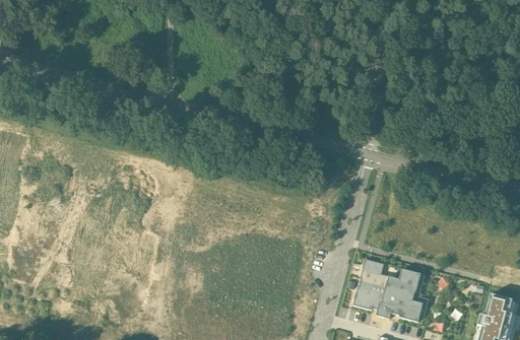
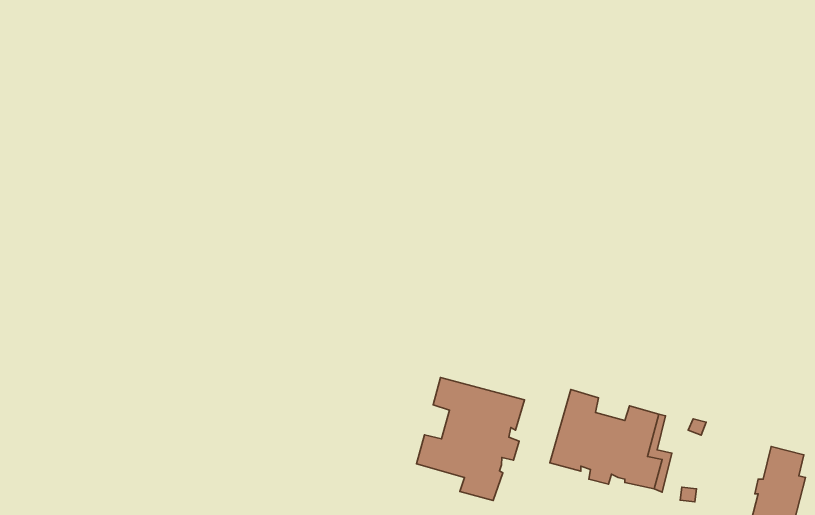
building: none -> [416,377,525,501]

